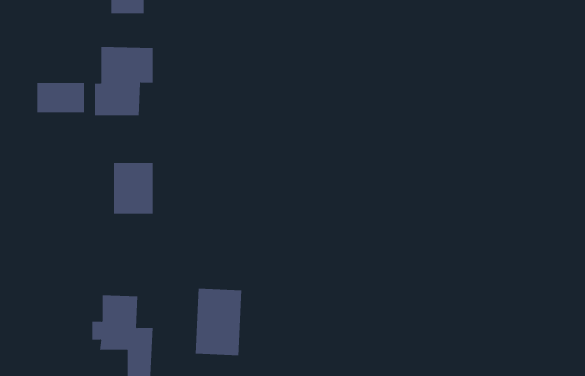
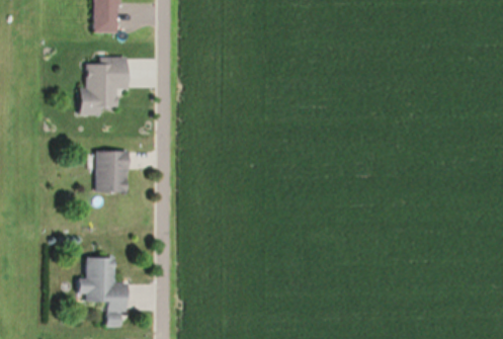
building: [37,82,85,113] -> none
building: [195,288,242,356] -> none

